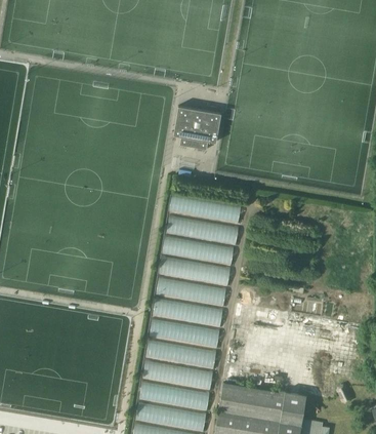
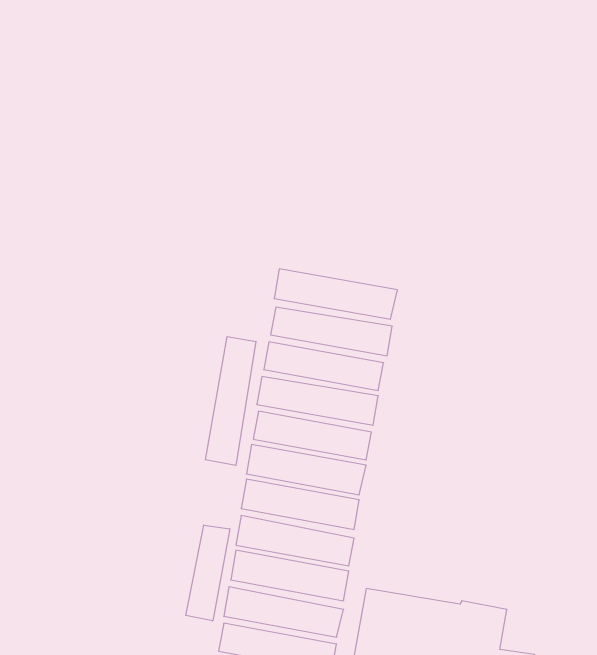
building: [173,106,221,149] -> none
building: none -> [205,337,256,465]
building: none -> [186,525,230,621]

